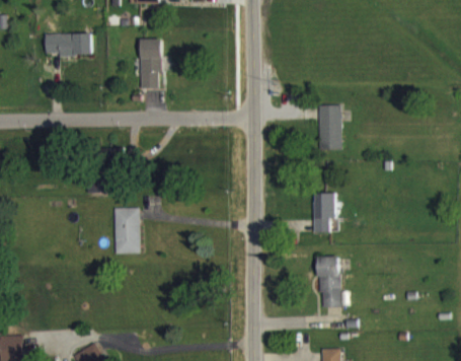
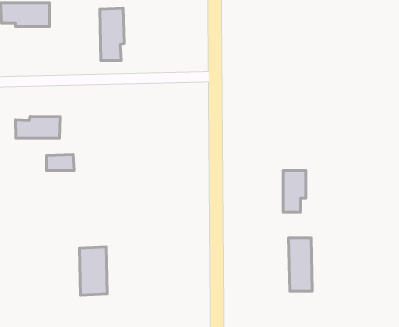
building: [317,105,340,150] -> none
building: none -> [15,117,60,138]
building: [113,208,140,254] -> [79,247,107,295]

